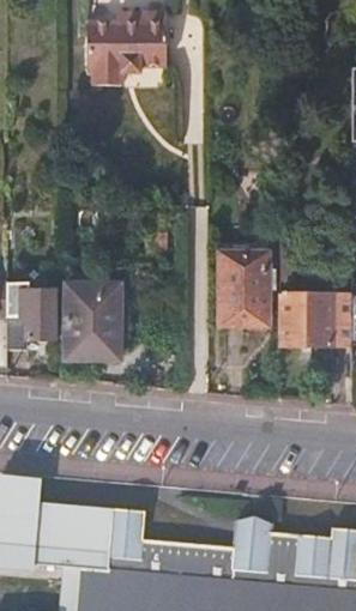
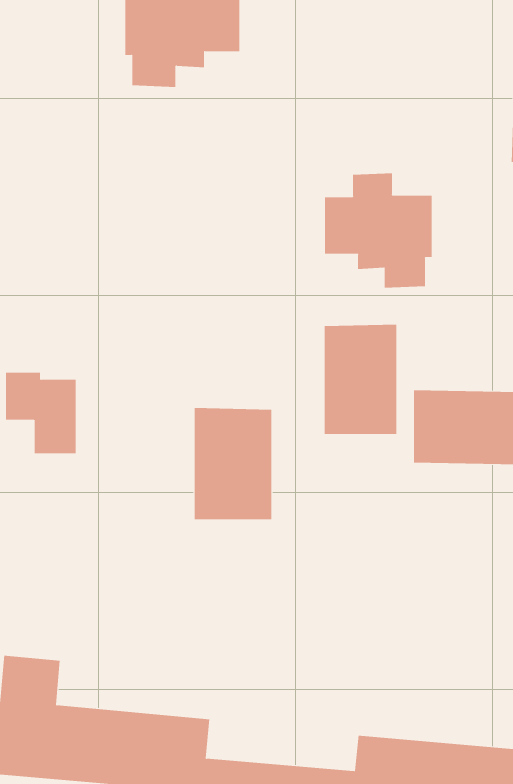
building: none -> [324,172,432,289]
building: [67,285,120,361] -> [194,408,272,520]

